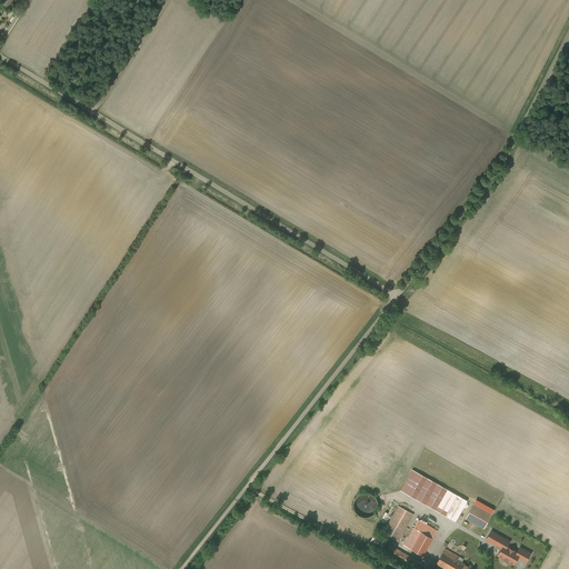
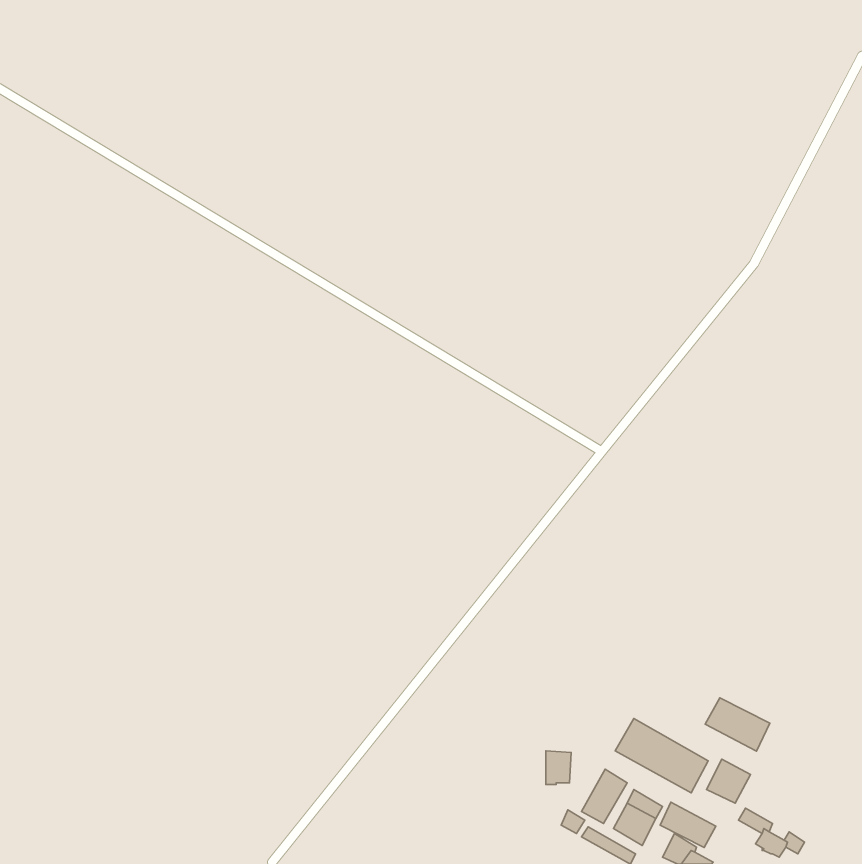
building: none -> [705,698,770,751]
building: none -> [660,802,716,848]

